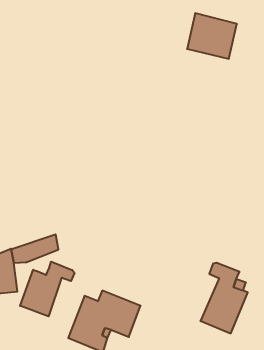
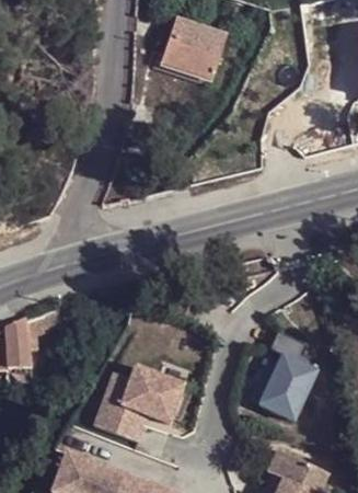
building: [187,13,237,59] -> [169,20,230,76]
building: [20,262,74,316] -> none

